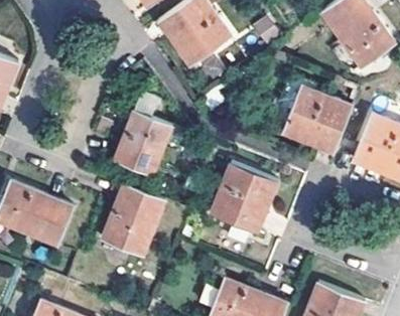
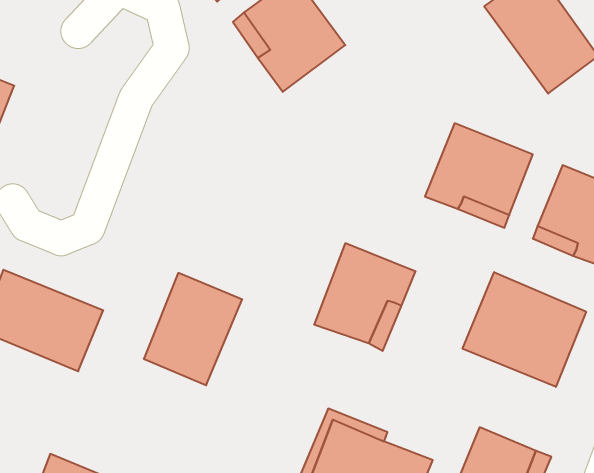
building: [115,94,172,177] -> none
building: none -> [463,272,586,387]

